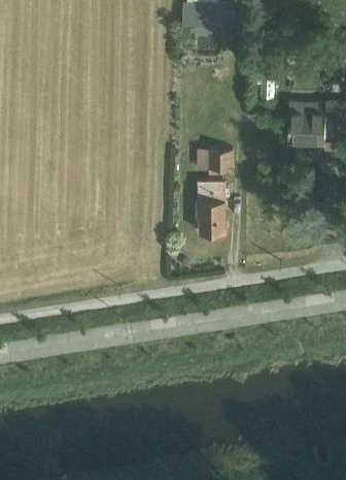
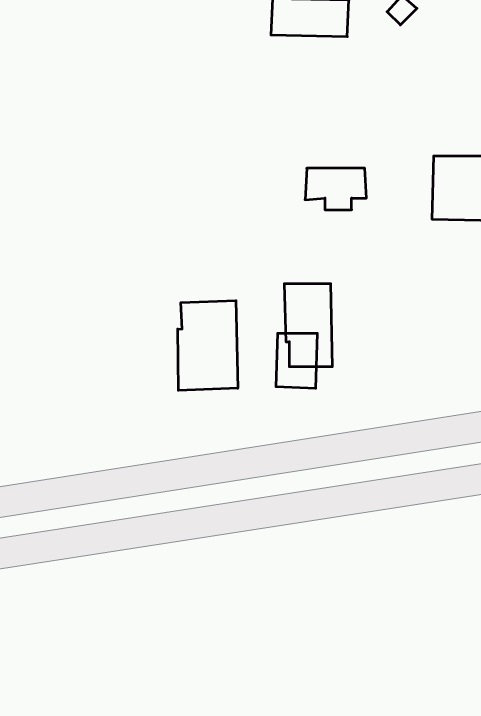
building: [196,149,234,174] -> [305,168,366,210]
building: none -> [178,301,238,390]

